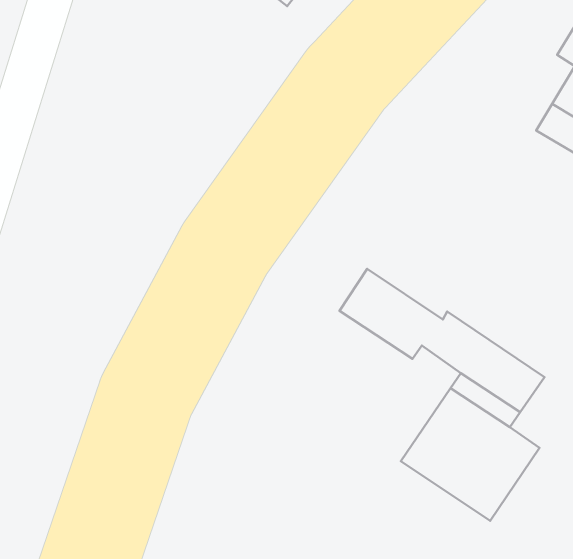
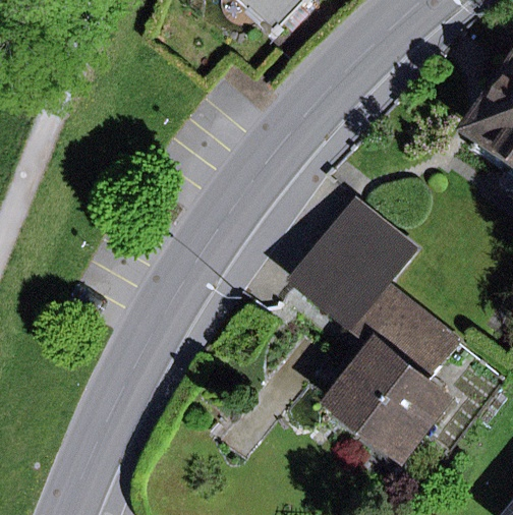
building: none -> [323,201,413,288]

